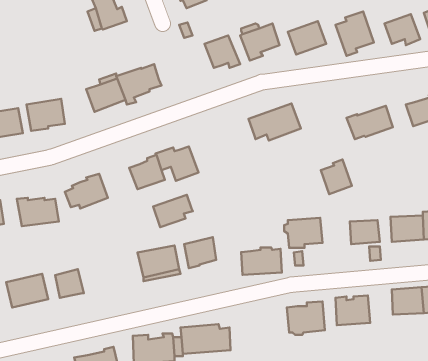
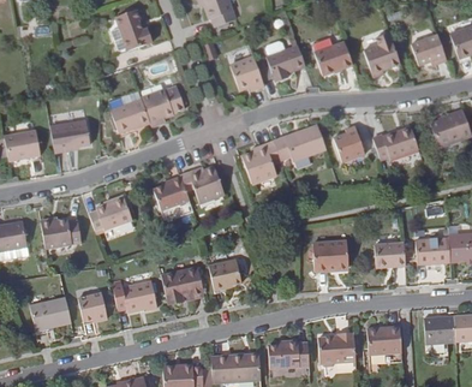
building: none -> [243,141,280,184]
building: [321,159,352,194] -> [334,129,365,163]
building: [153,195,193,227] -> none
building: [241,247,282,275] -> [263,334,304,362]
building: none -> [112,279,156,310]

